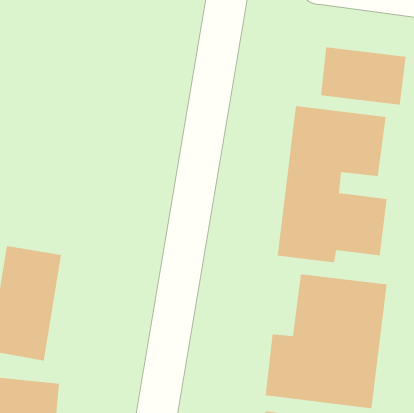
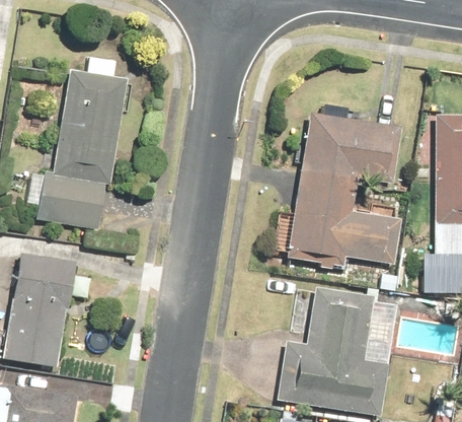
building: none -> [28,54,126,232]
building: [321,46,406,105] -> none

